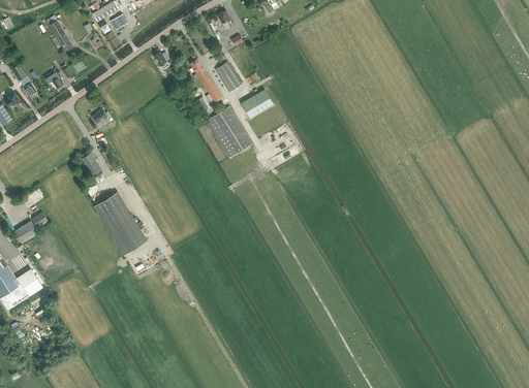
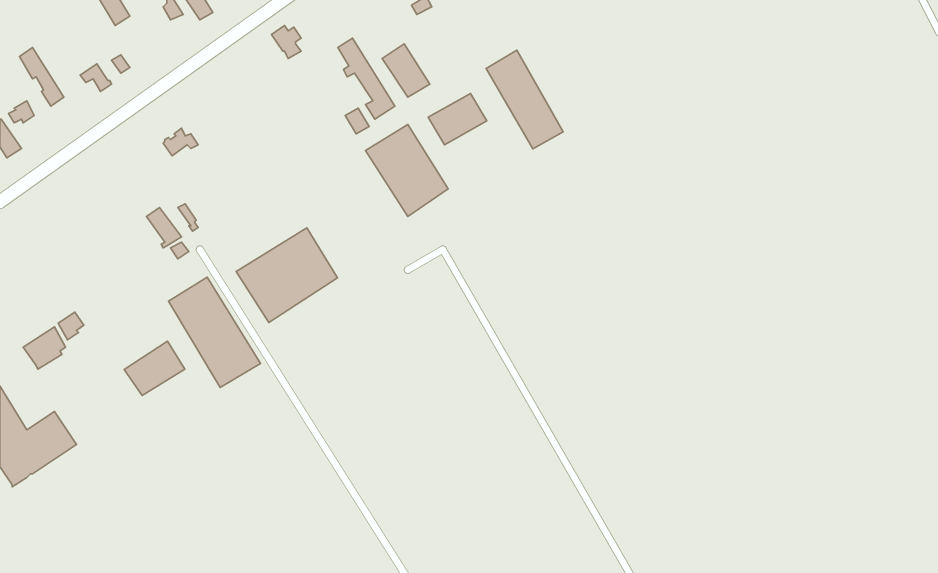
building: none -> [486,50,563,149]
building: none -> [236,228,338,323]
building: none -> [124,341,185,396]

